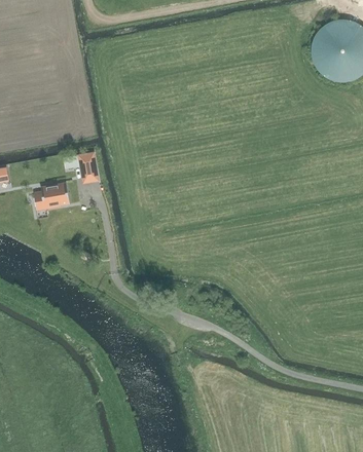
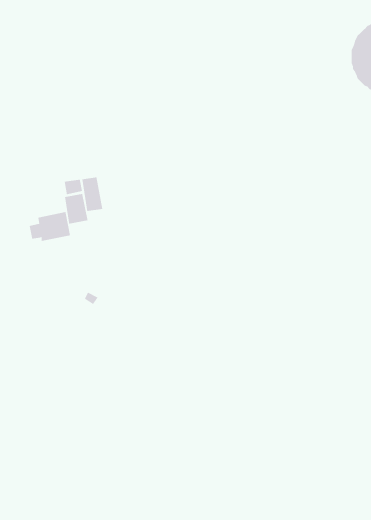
building: none -> [65,193,88,225]

